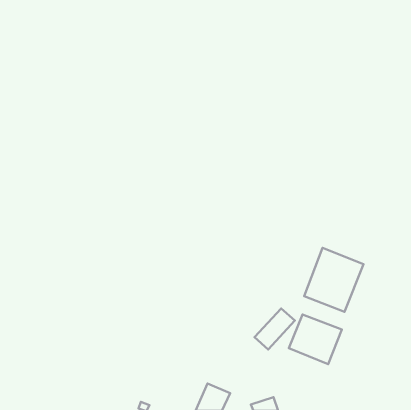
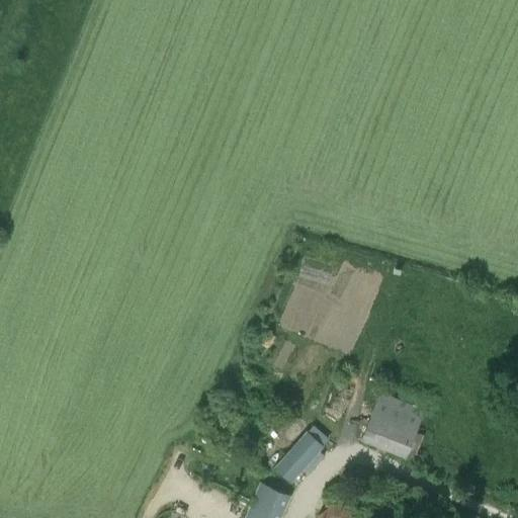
building: [304,248,364,312] -> none
building: [255,308,295,349] -> [273,432,324,484]

